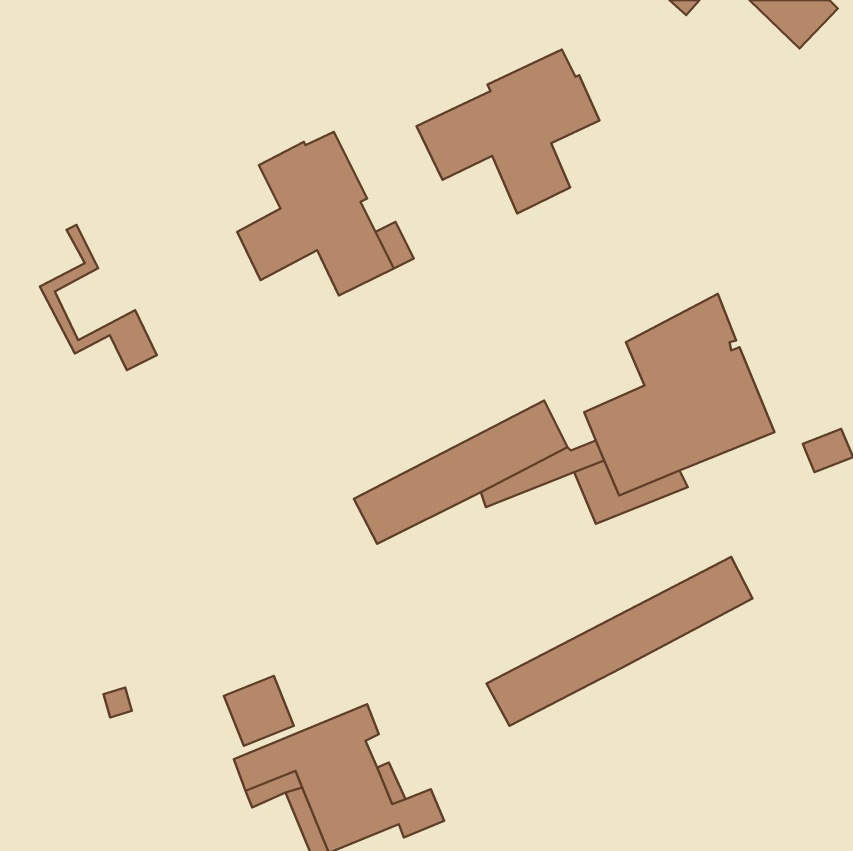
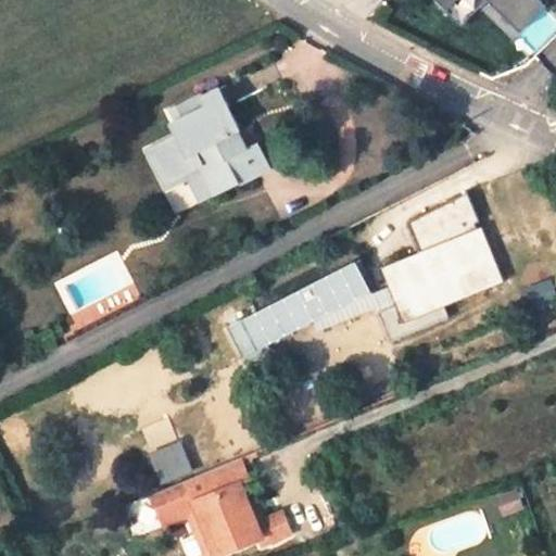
building: [416,49,600,213] -> none
building: [40,225,157,370] -> [144,109,220,203]
building: [487,557,753,726] -> none

